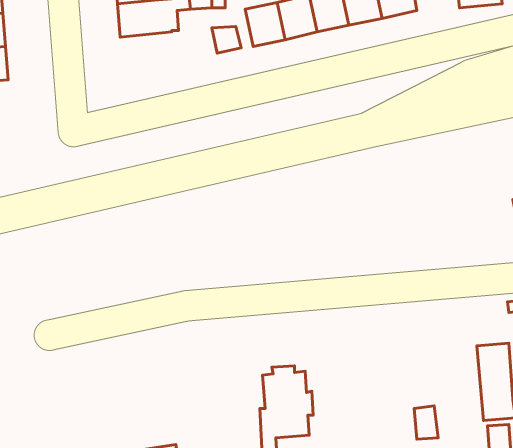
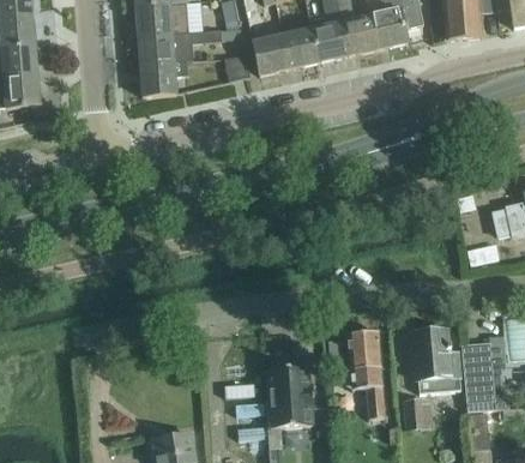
building: none -> [140,62,188,97]
building: none -> [411,331,461,395]
building: none -> [346,332,385,415]

